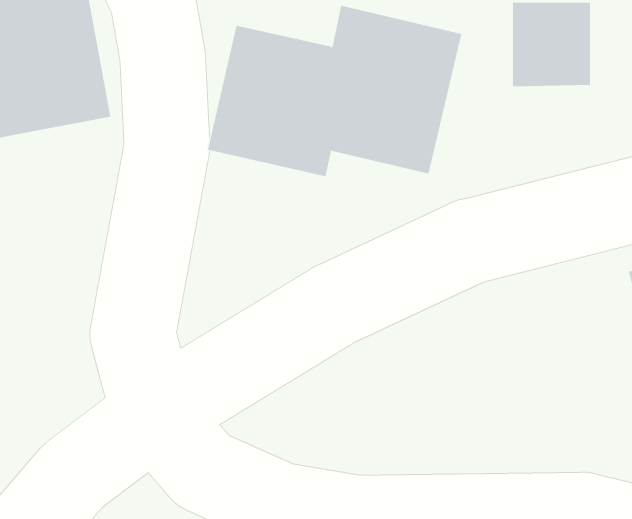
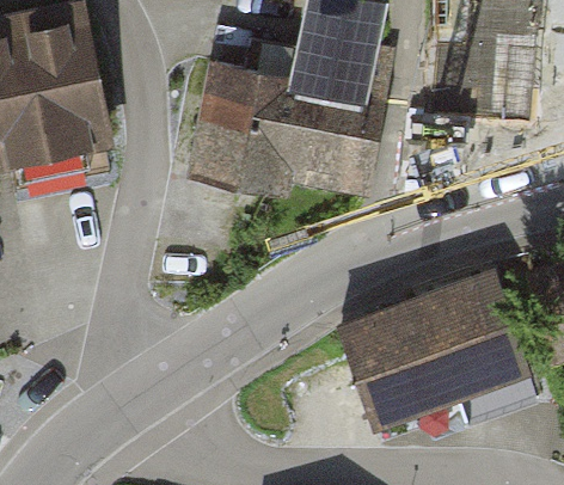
building: none -> [343,269,526,415]

